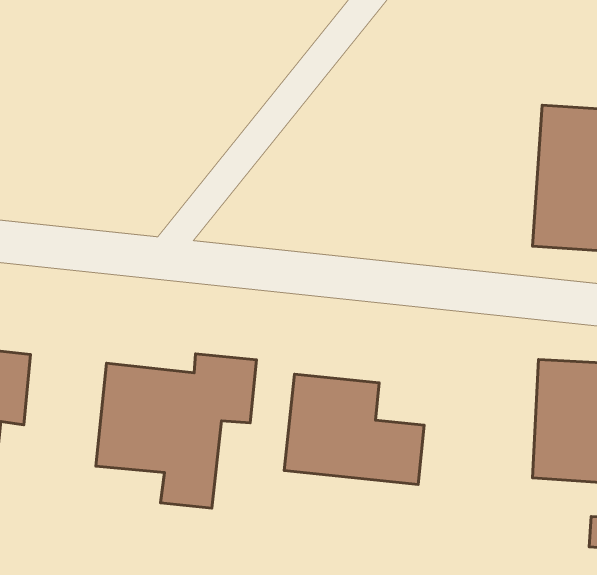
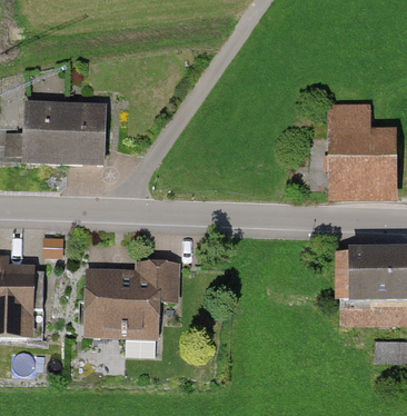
building: none -> [27,99,107,165]
building: [284,374,424,484] -> none

